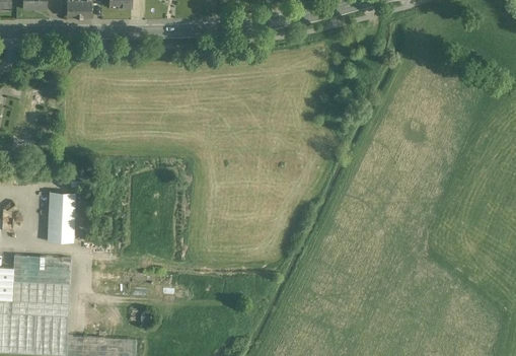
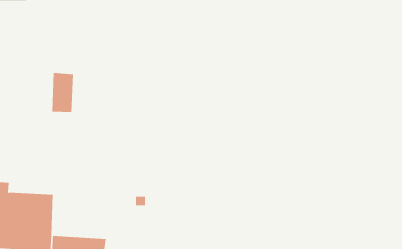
building: [47,192,75,242] -> [51,72,74,113]
building: [12,256,70,284] -> none

